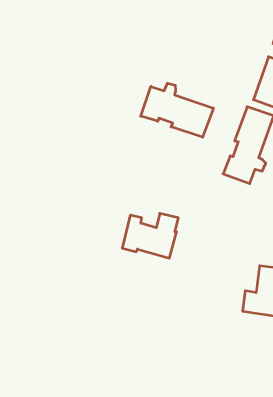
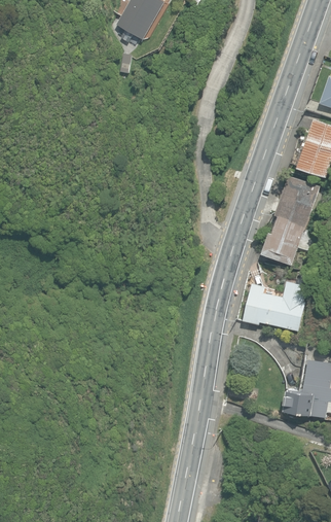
building: [141,83,213,137] -> none
building: [122,213,178,258] -> [243,280,307,332]

